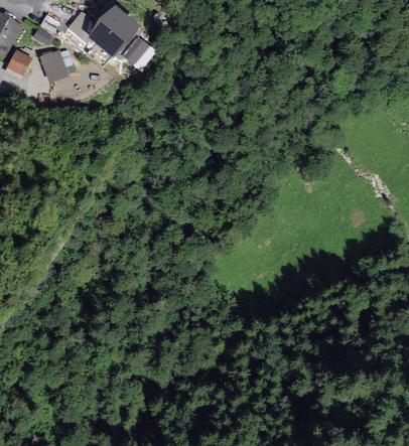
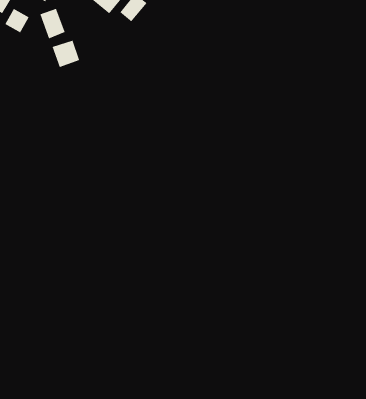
building: none -> [52,40,80,68]

